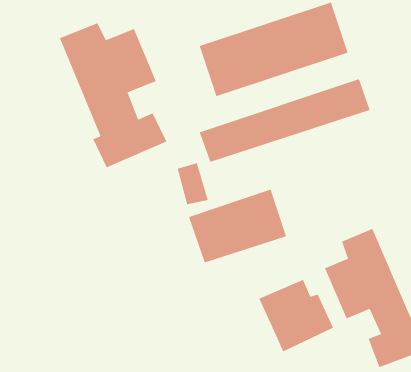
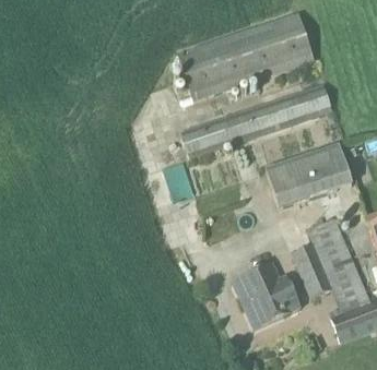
building: [59,23,167,168] -> none
building: [188,189,287,263] -> [266,141,354,207]

